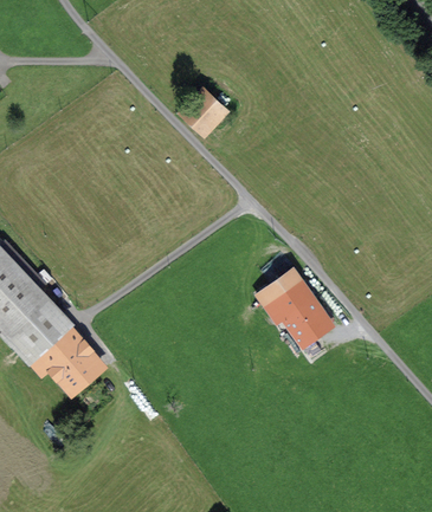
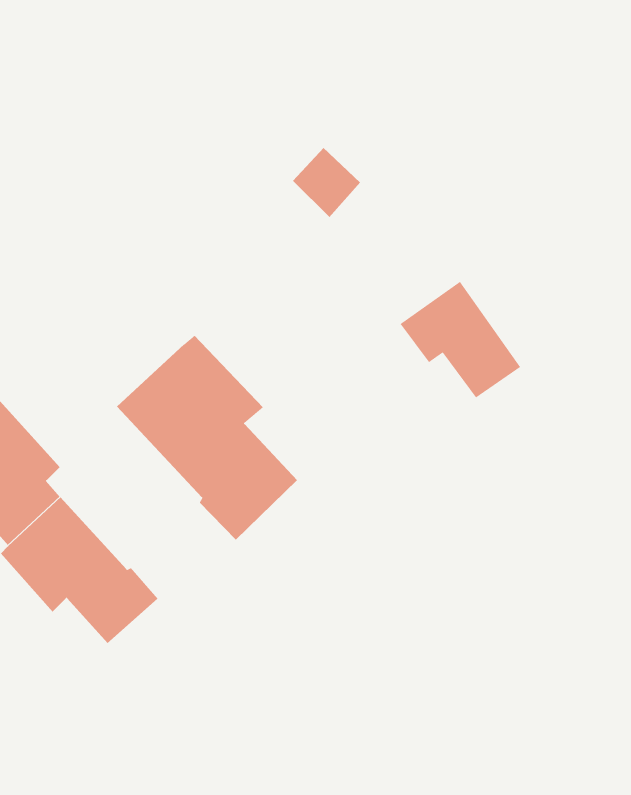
building: none -> [116,335,298,540]
building: [257,272,330,343] -> [399,281,521,398]

